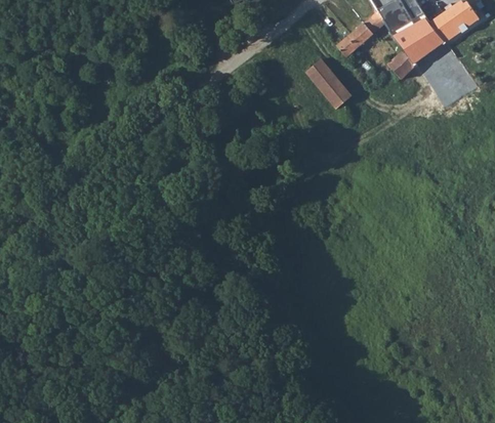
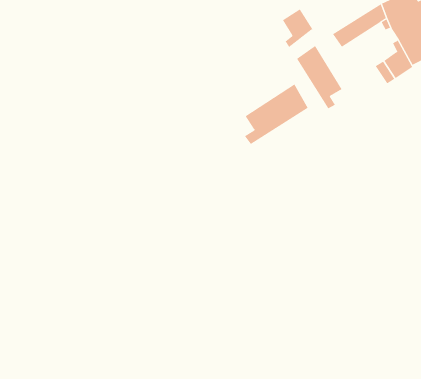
building: none -> [282,9,313,48]
building: none -> [244,83,308,145]

